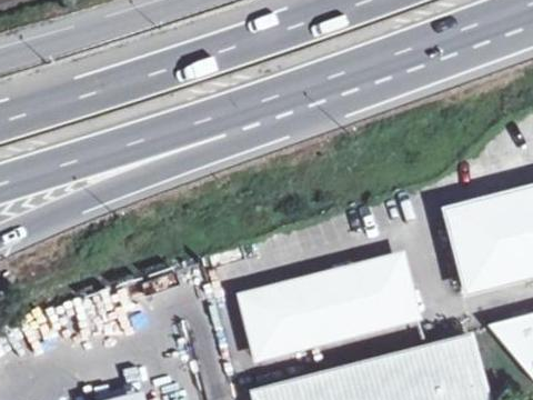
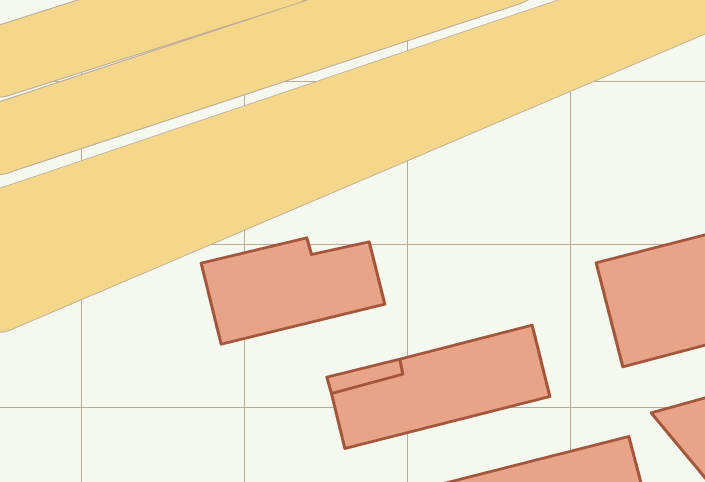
building: none -> [201,238,385,344]

